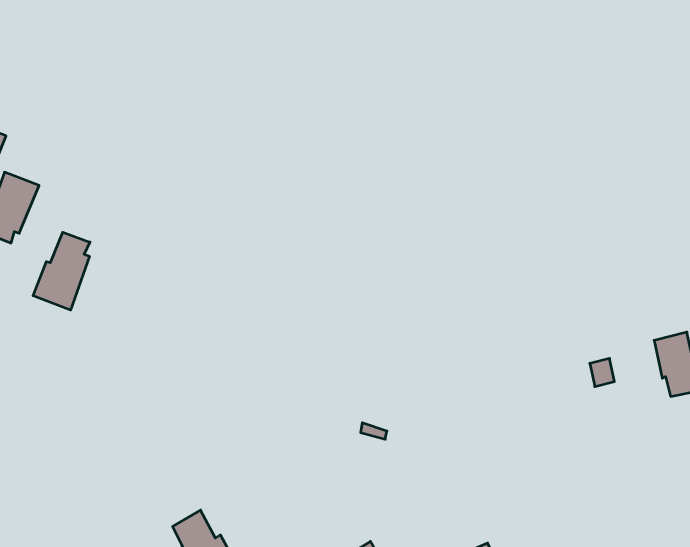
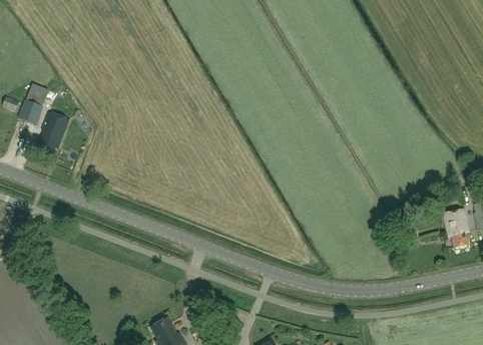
building: [33,232,90,310] -> none

